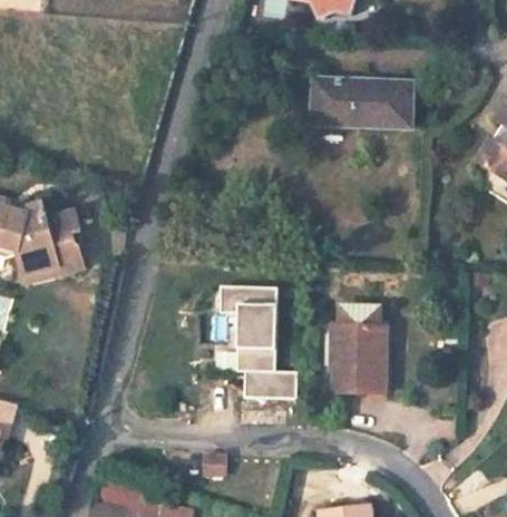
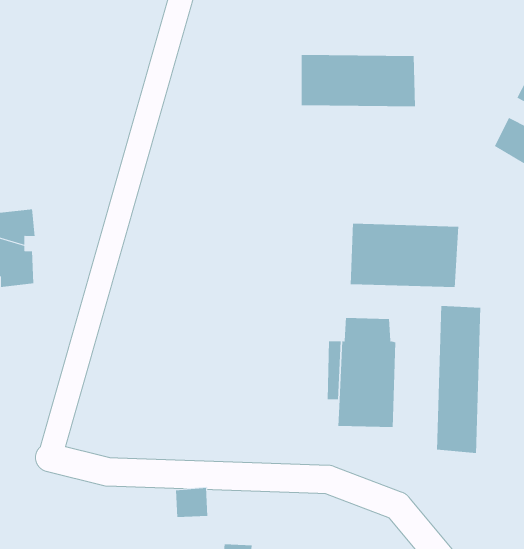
building: none -> [350,223,459,288]
building: [224,284,302,397] -> none
building: none -> [436,305,481,454]

